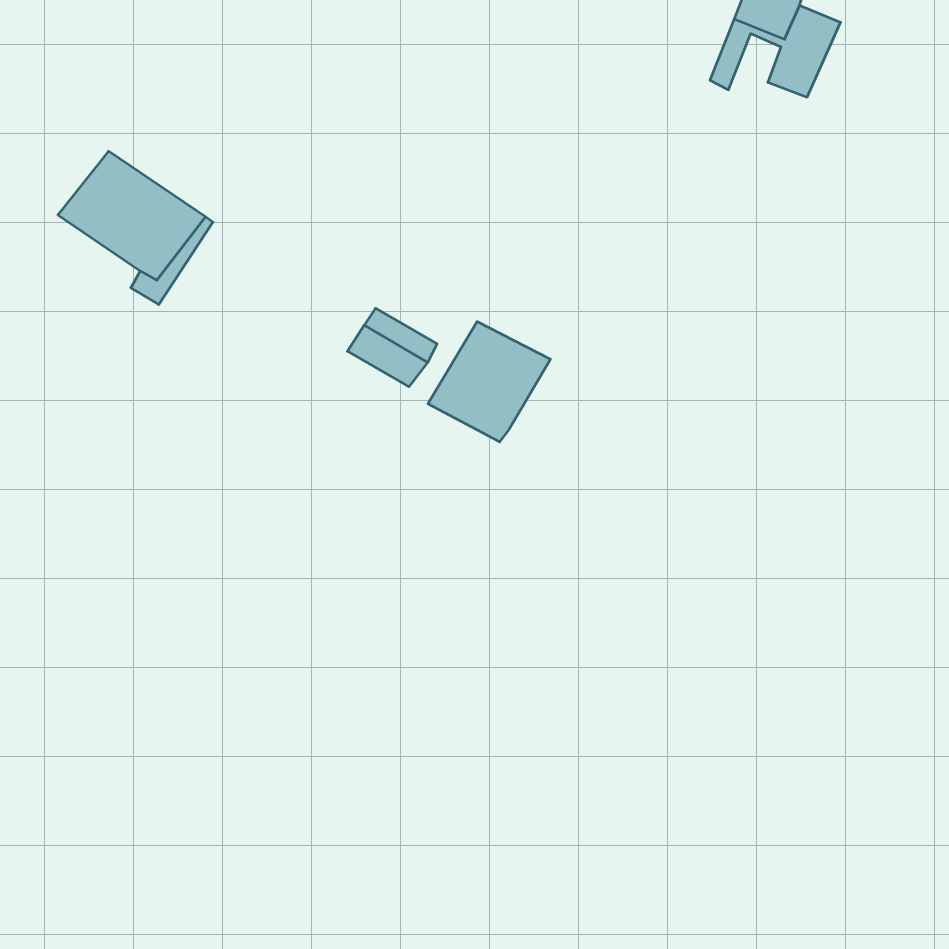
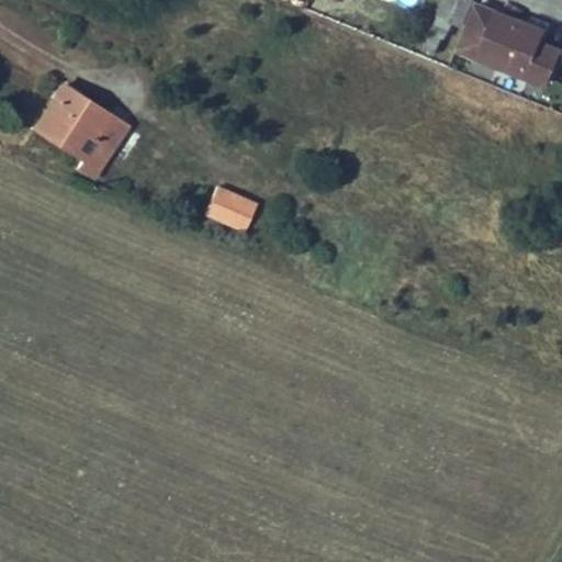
building: none -> [477,13,555,85]
building: [428,322,550,442] -> none

